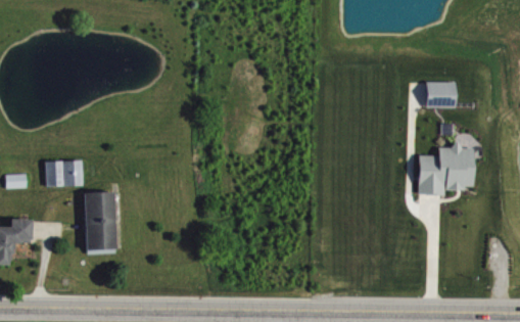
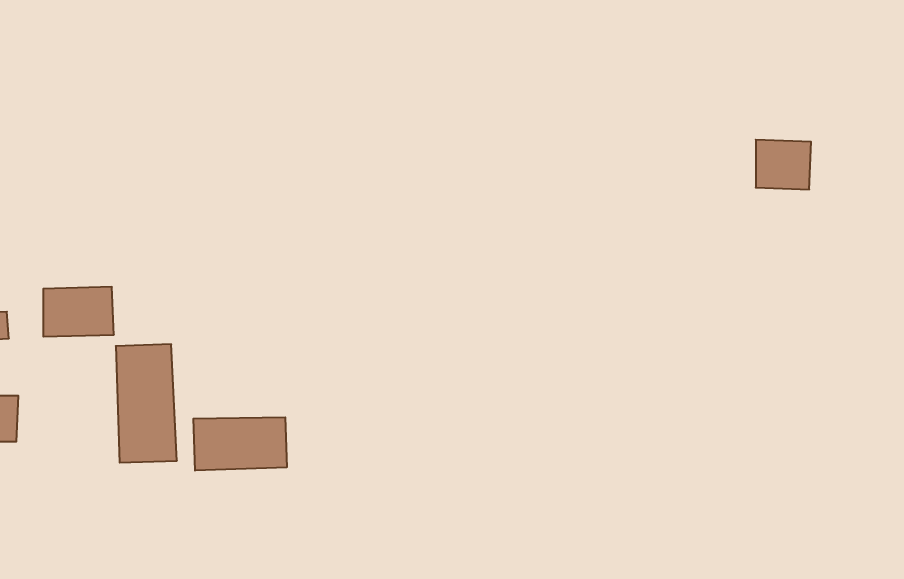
building: [418,145,474,194] -> none
building: none -> [193,417,287,471]

